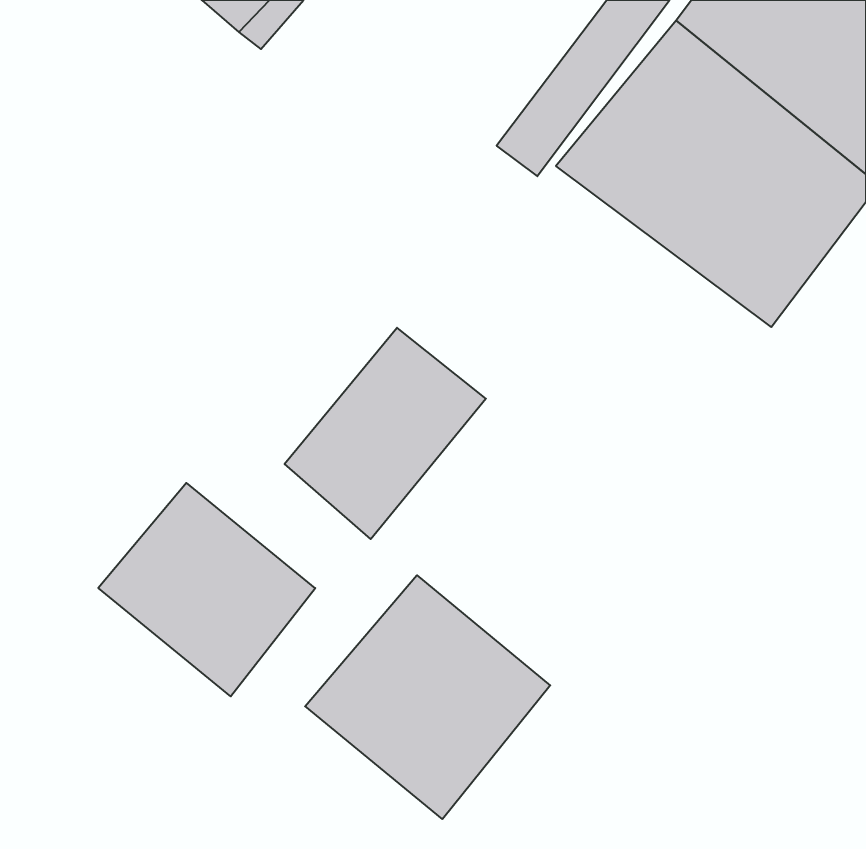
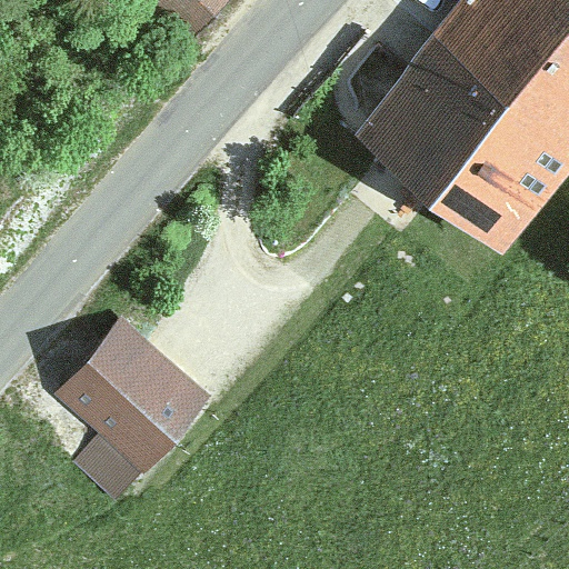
building: [285,328,486,539] -> none
building: [305,575,550,819] -> none

